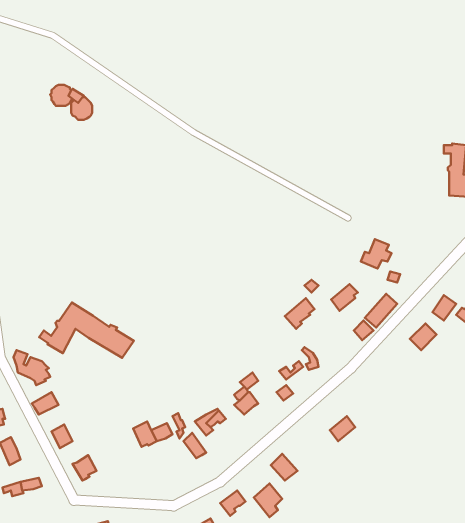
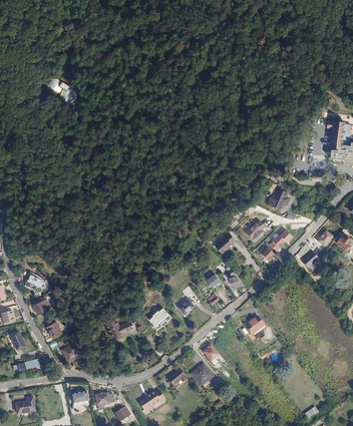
building: [39,303,134,358] -> none

